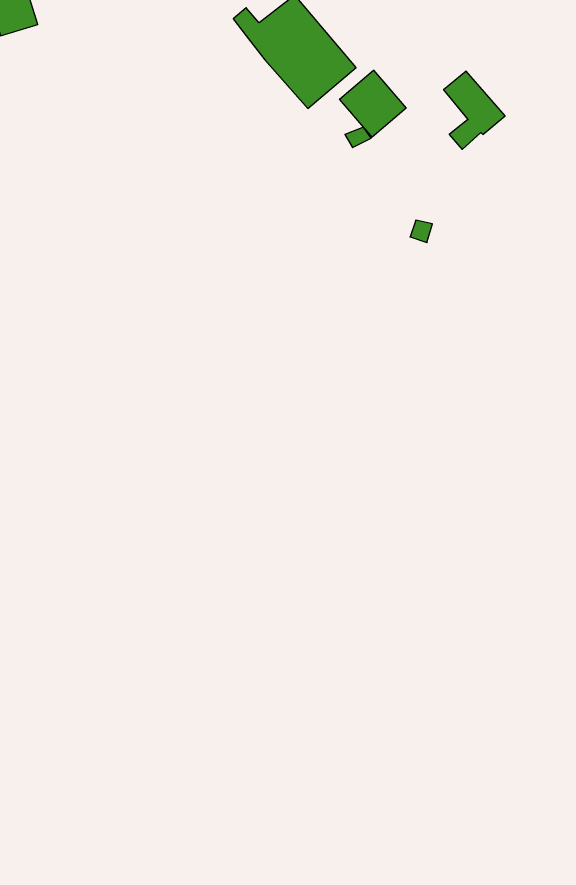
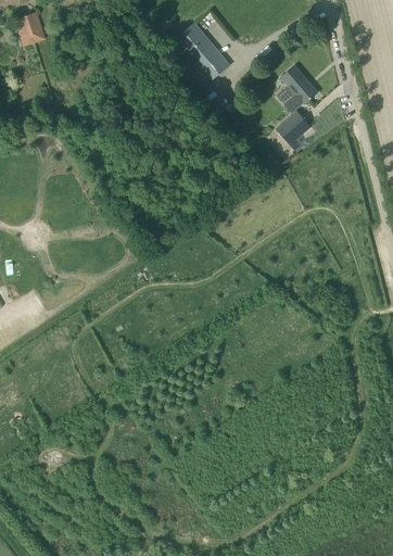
building: [340,70,406,137] -> none
building: none -> [276,110,310,151]

